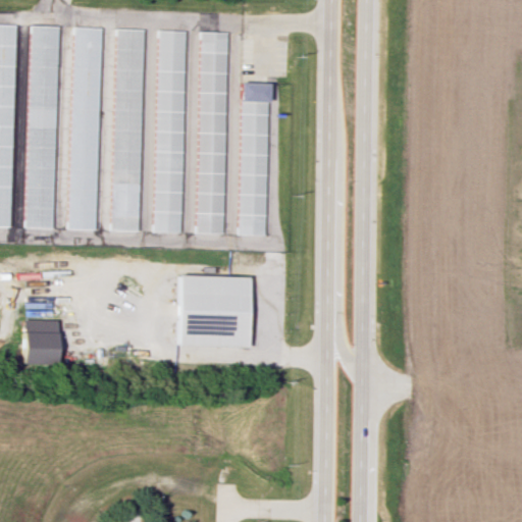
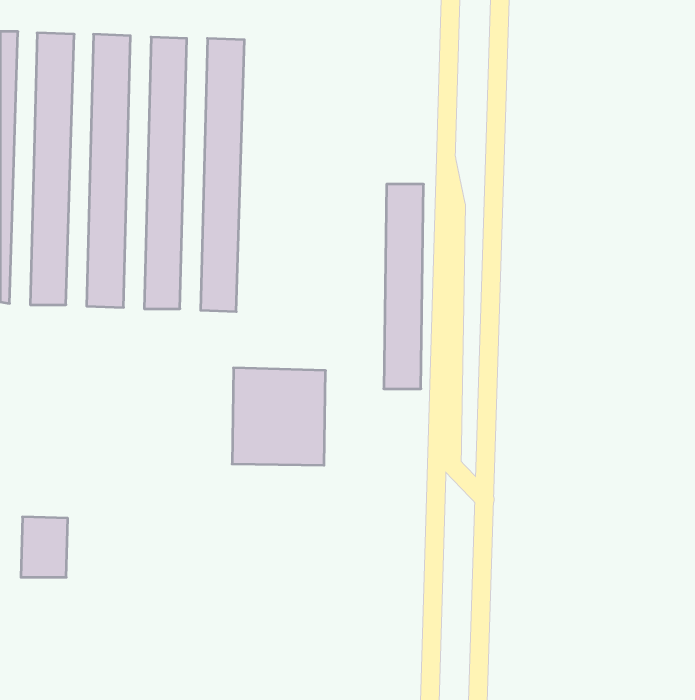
building: [196,32,228,233] -> none
building: [241,82,270,233] -> [384,184,424,389]
building: [24,319,59,364] -> [21,517,68,577]

